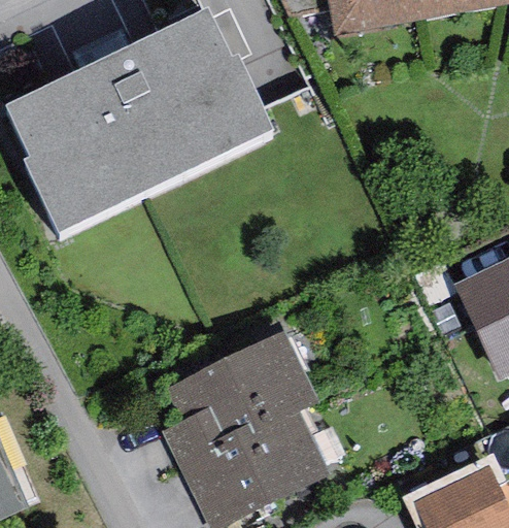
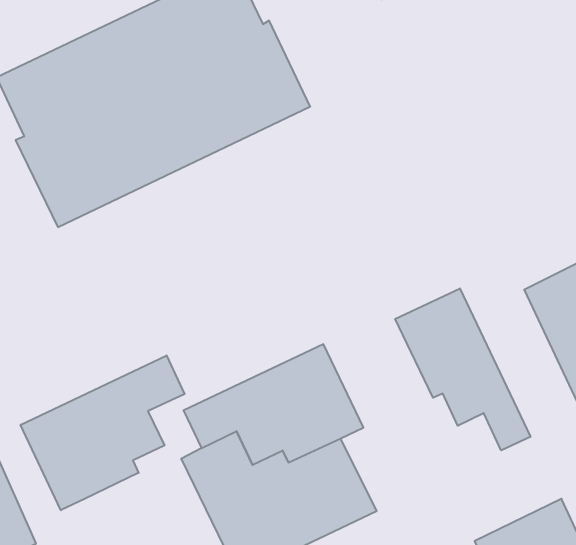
building: none -> [395,288,530,450]
building: none -> [21,355,185,510]

